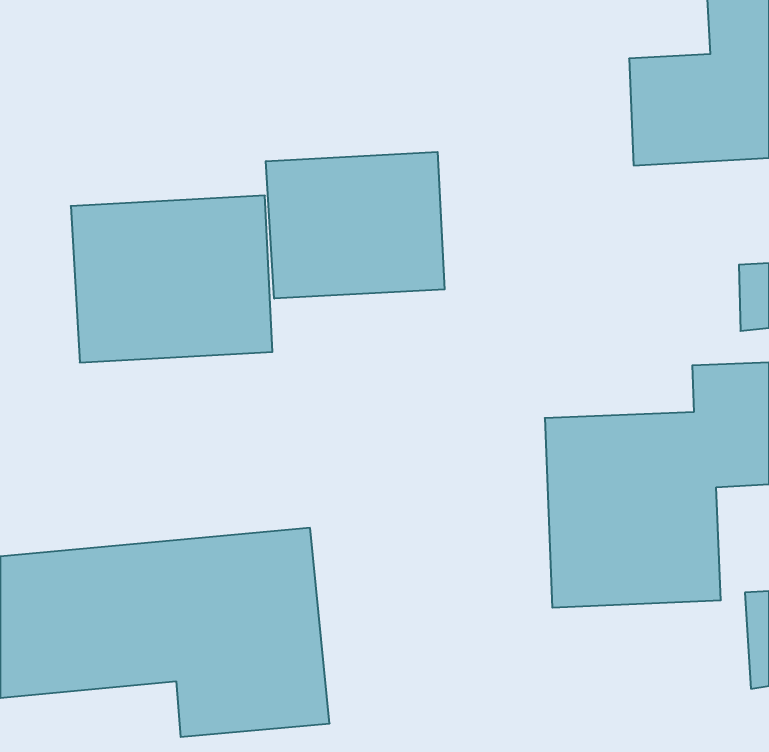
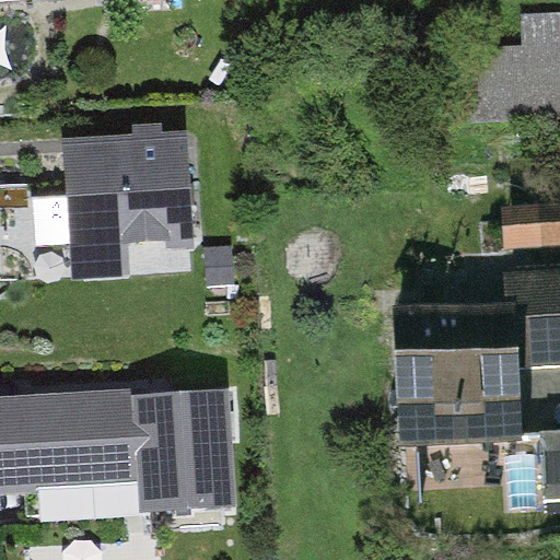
building: [266,152,445,299] -> none

